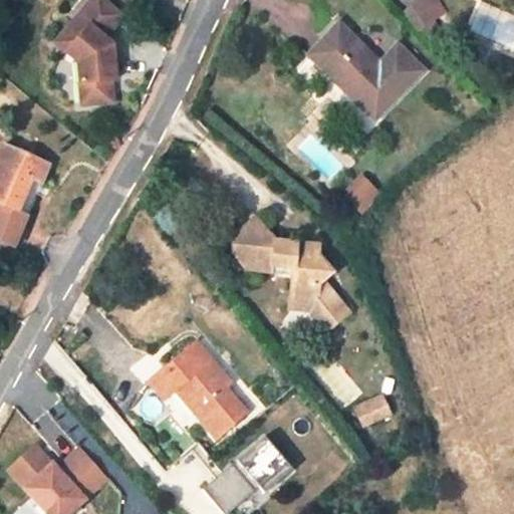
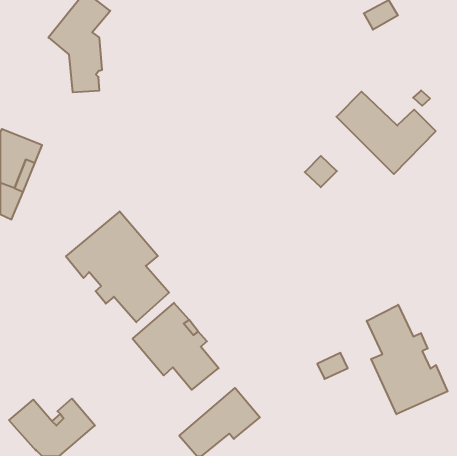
building: [309,25,421,117] -> [336,92,436,174]
building: [233,217,350,331] -> none
building: none -> [66,211,169,322]
building: none -> [367,305,448,414]

